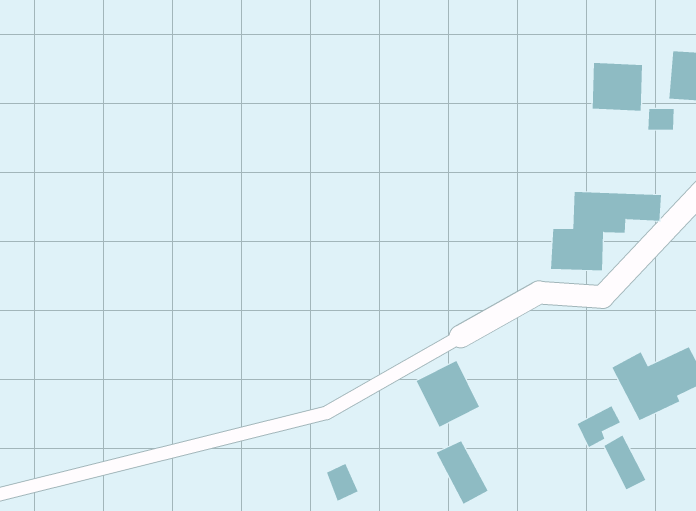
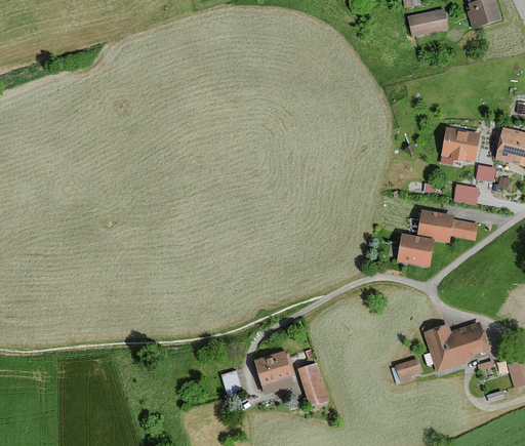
building: none -> [453,183,480,204]
building: [416,360,480,428] -> [256,352,296,395]
building: [603,434,646,490] -> none

